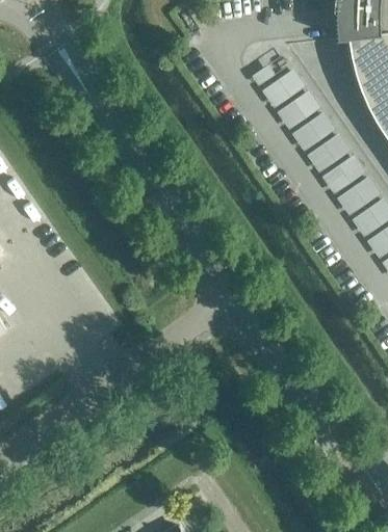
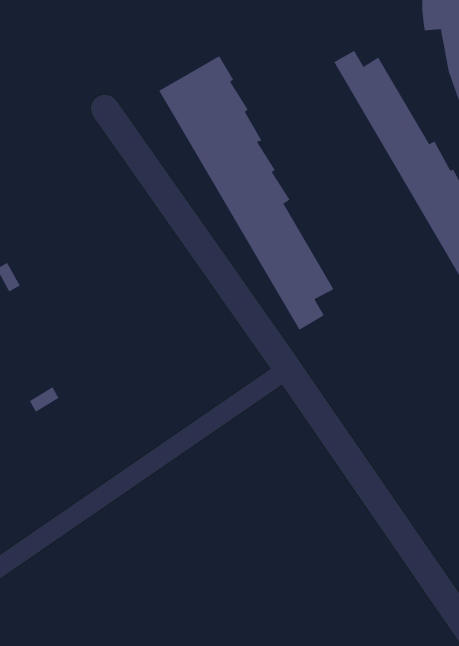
building: none -> [158,55,334,331]

